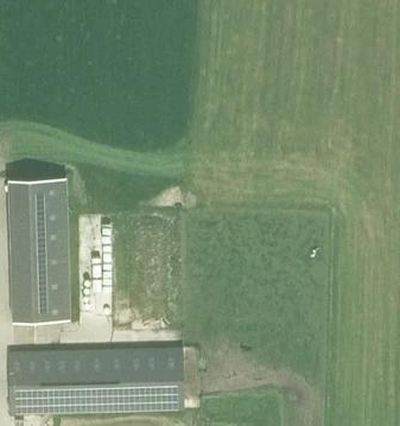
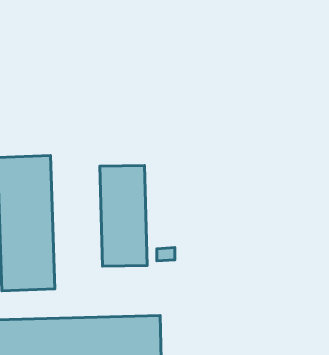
building: none -> [100,165,147,266]

